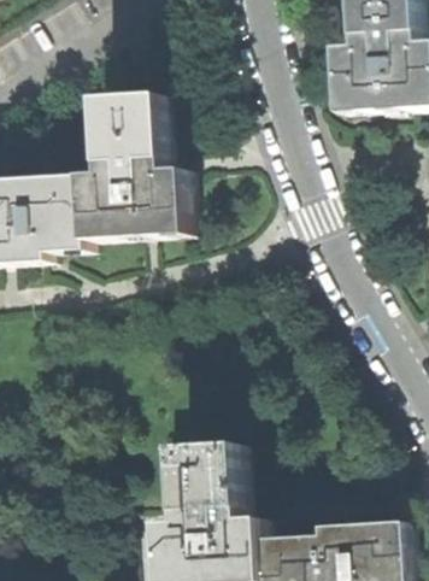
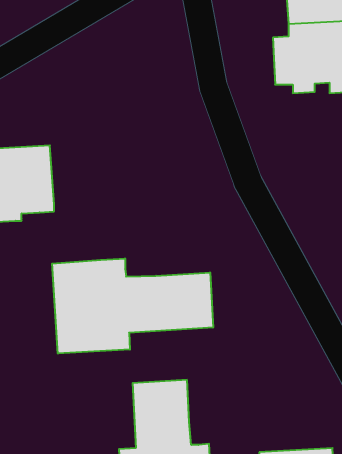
building: [77,92,186,239] -> none
building: none -> [52,258,213,354]

